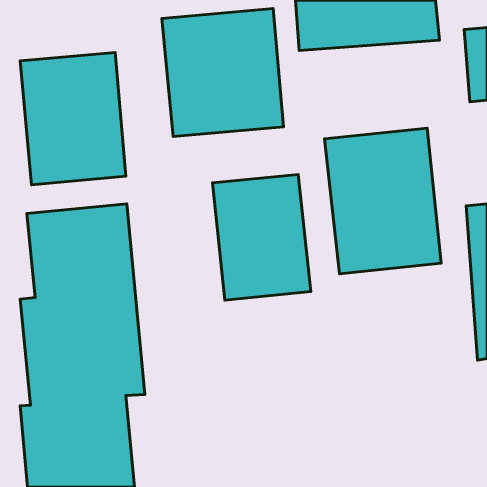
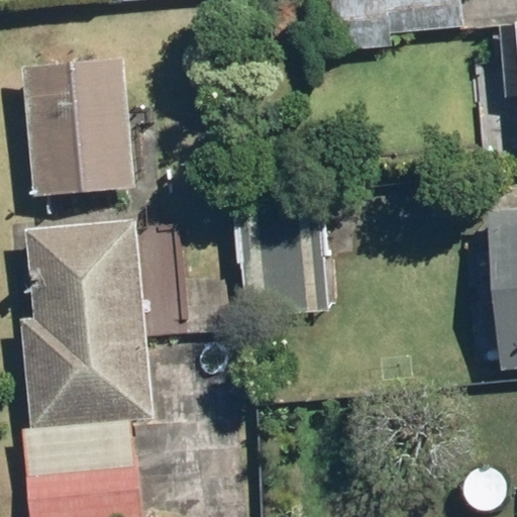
building: [162,9,284,137] -> none
building: [324,128,441,274] -> none

